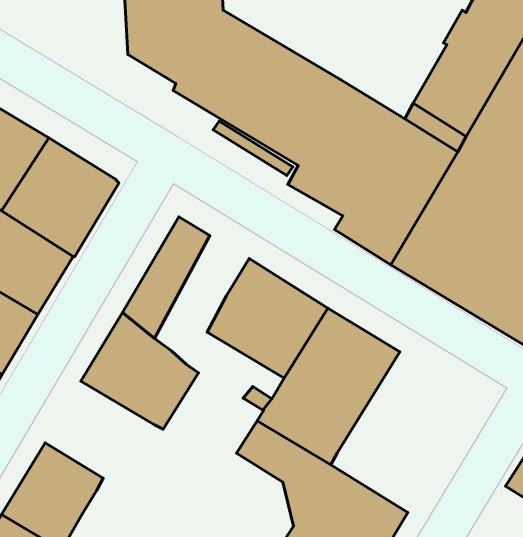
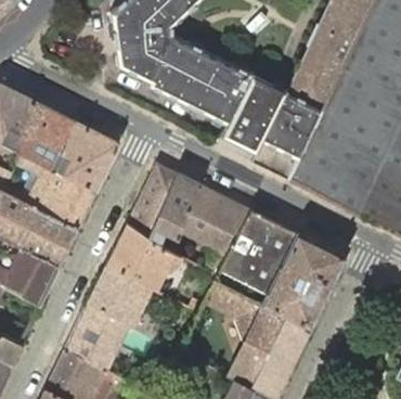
building: none -> [148,171,202,243]
building: none -> [261,232,345,329]
building: none -> [88,266,153,327]

